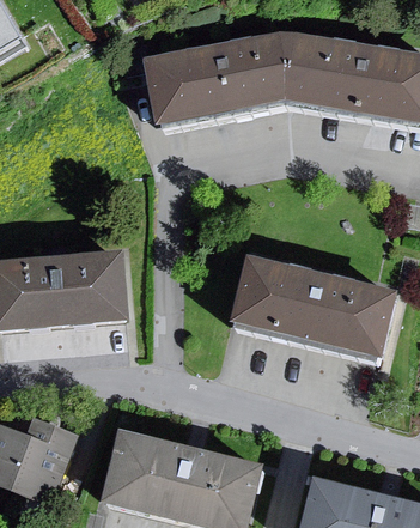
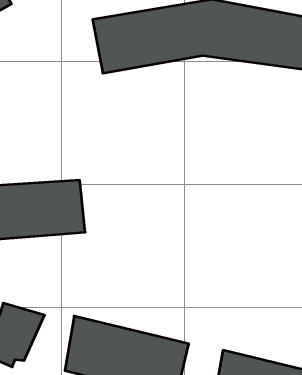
building: [233,261,397,362] -> none

